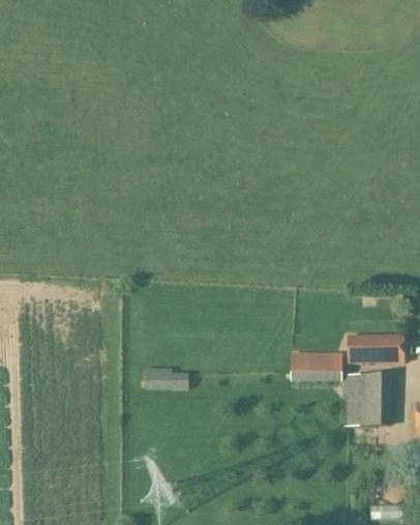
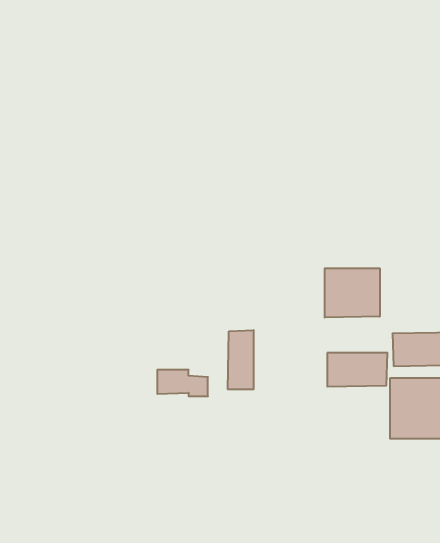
building: none -> [325,268,380,318]
building: none -> [228,330,254,389]

